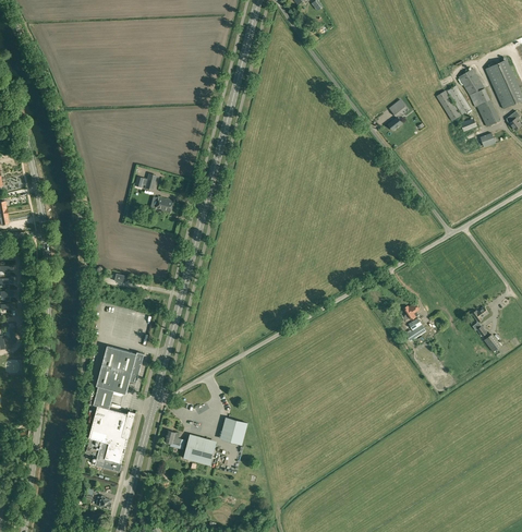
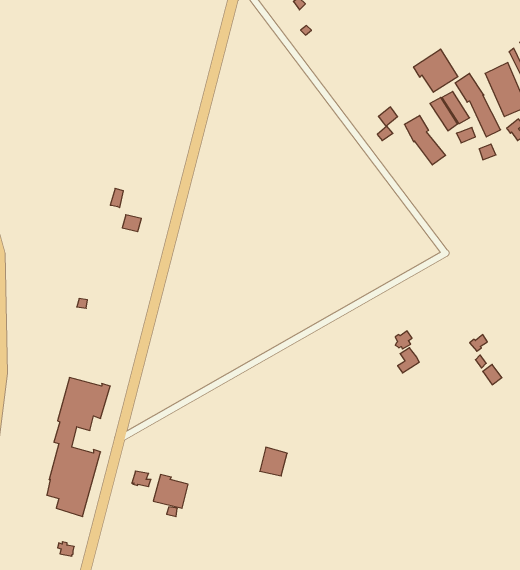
building: none -> [414,49,458,92]
building: none -> [404,115,446,165]
building: [221,418,246,444] -> [260,447,287,476]

